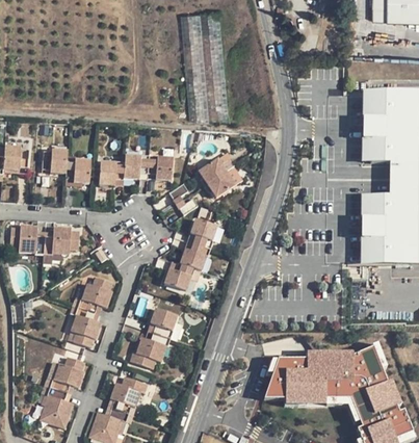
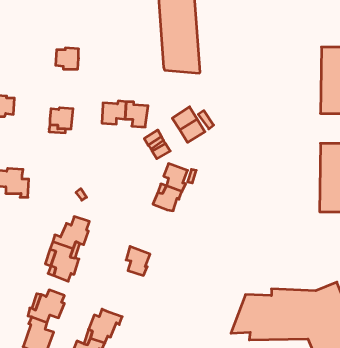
building: [44,148,69,171] -> [56,48,79,69]
building: [102,155,125,183] -> none
building: [44,227,80,256] -> none
building: [163,261,194,290] -> none
building: [128,334,168,368] -> none

